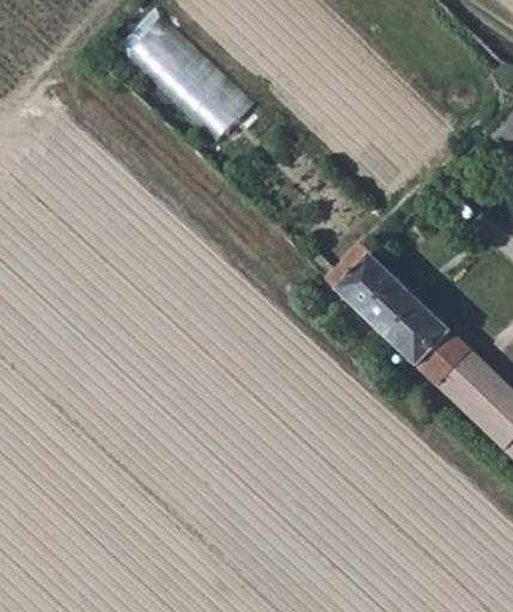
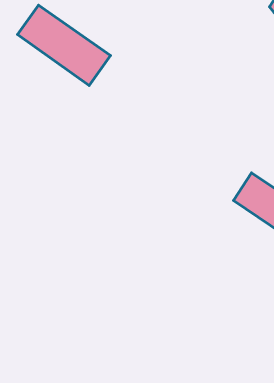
building: [329,246,427,344] -> none

